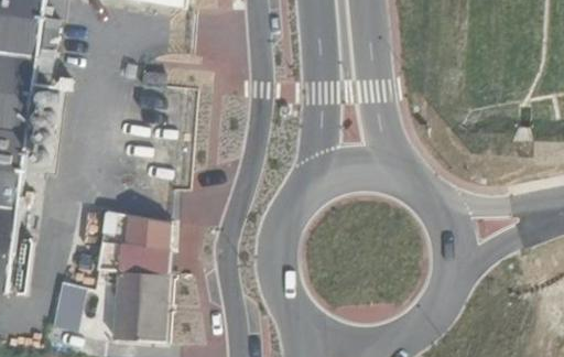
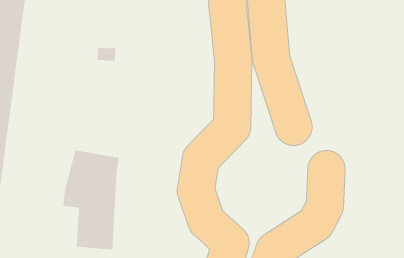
building: [51,284,83,327] -> none

